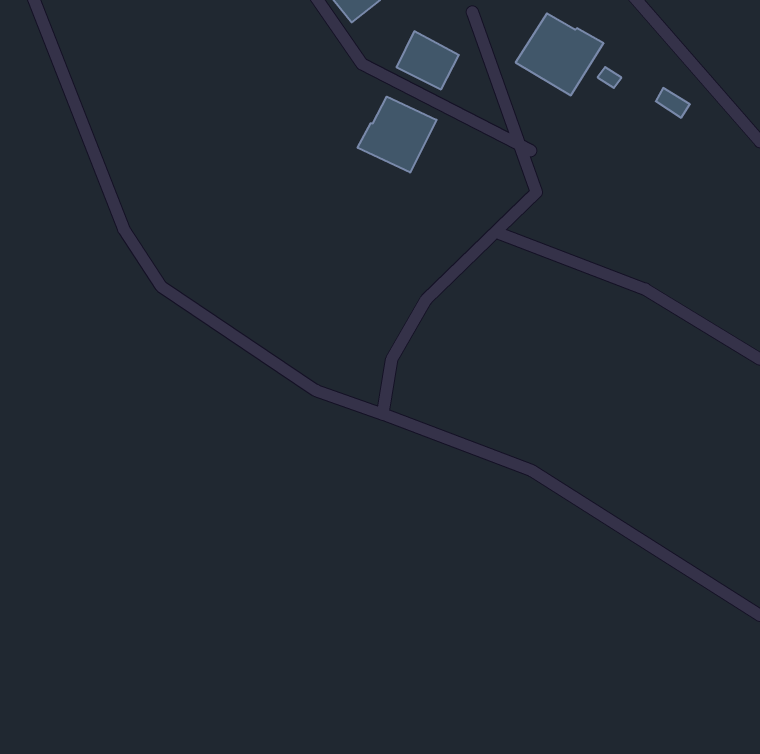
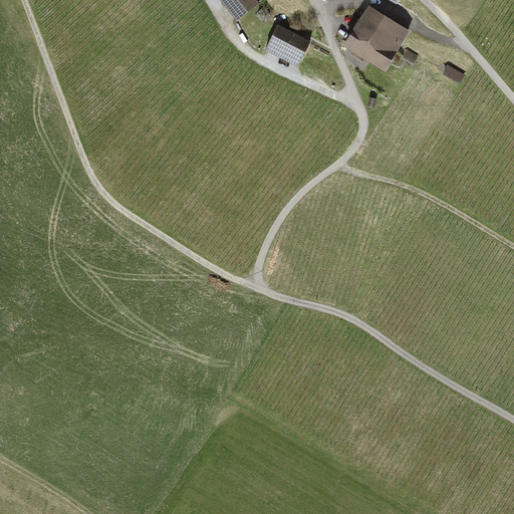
building: [358,97,437,173] -> none

